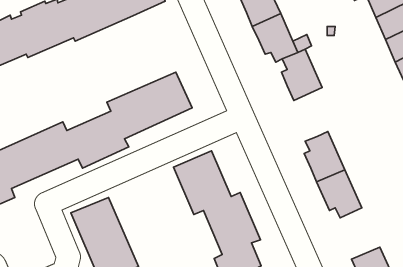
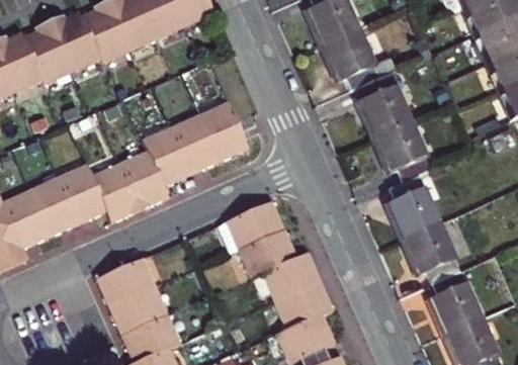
building: none -> [374,121,431,182]
building: none -> [430,271,482,335]

